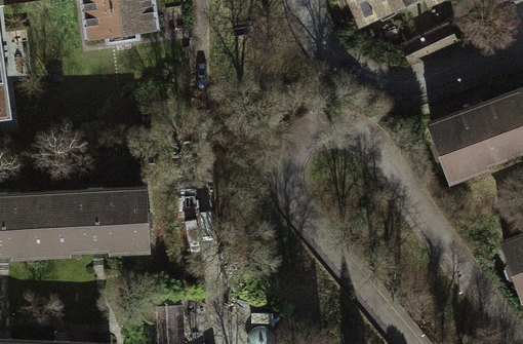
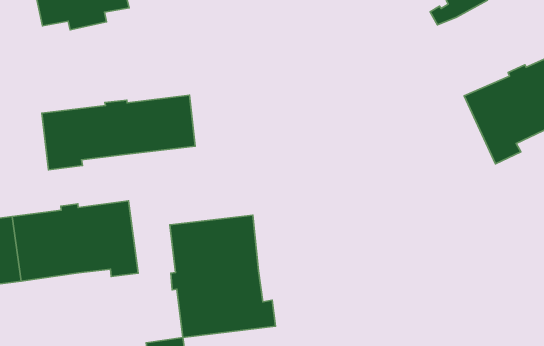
building: none -> [42,95,195,170]
building: none -> [170,215,275,338]

